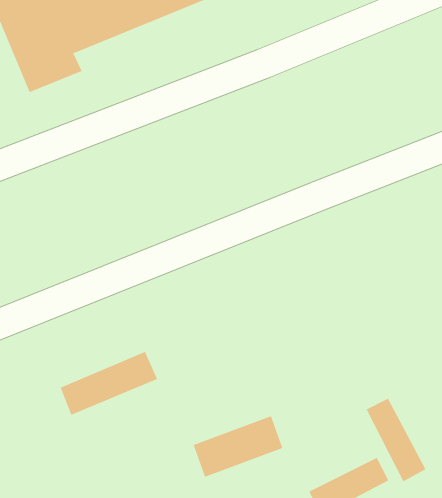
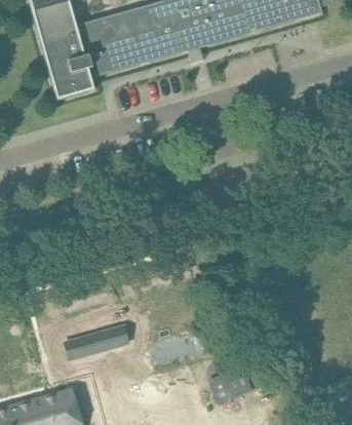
building: [60,351,158,416] -> [67,322,132,359]
building: [366,398,426,482] -> none

